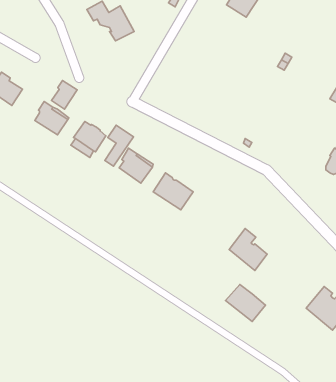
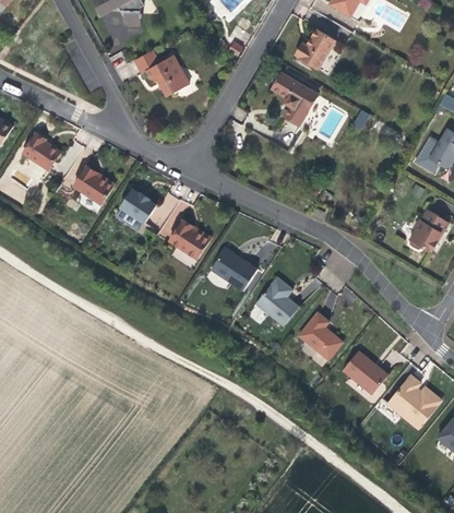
building: none -> [272,73,318,126]
building: [52,80,77,109] -> none
building: none -> [255,277,298,326]
building: [226,284,265,321] -> [342,351,387,394]

